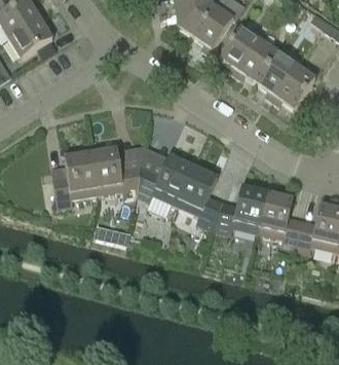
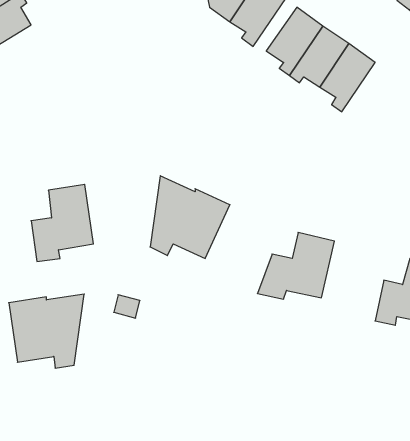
building: [271,64,314,107] -> none
building: [89,144,143,196] -> [9,294,84,368]
building: [175,165,222,227] -> none
building: [257,190,301,247] -> none

